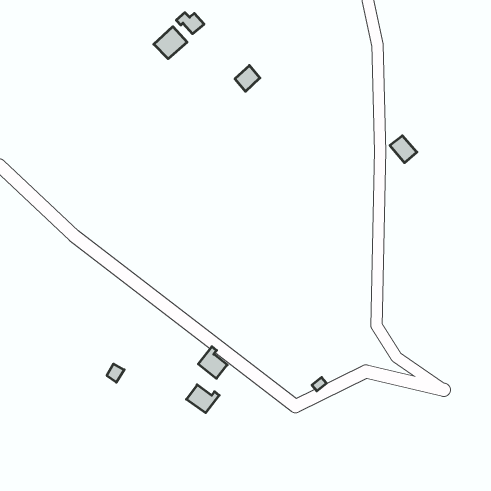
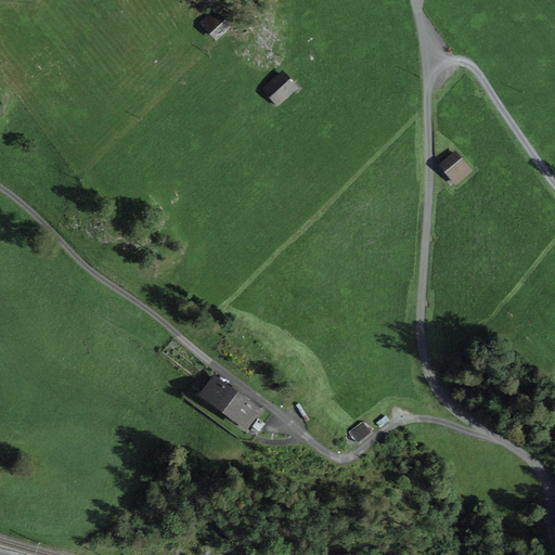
building: [154,27,187,59] -> none
building: [186,385,219,413] -> [202,379,238,411]

